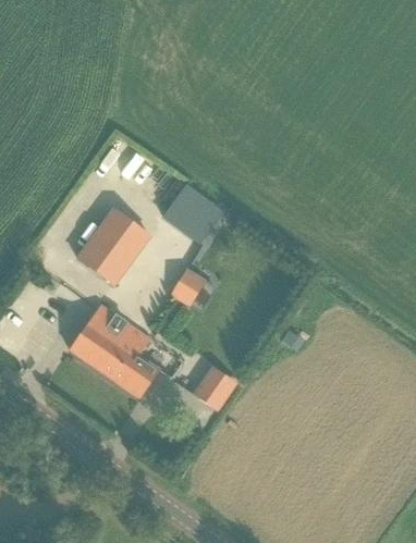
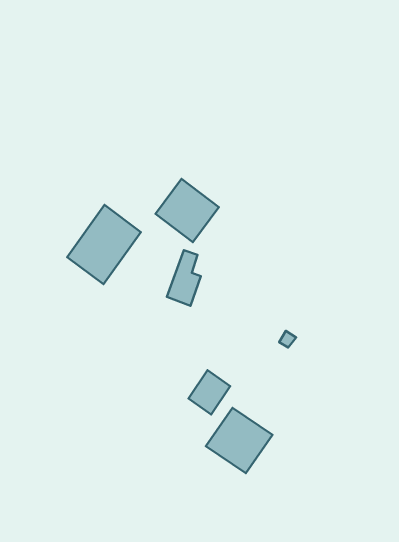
building: [71,306,159,398] -> none
building: none -> [206,408,272,473]

